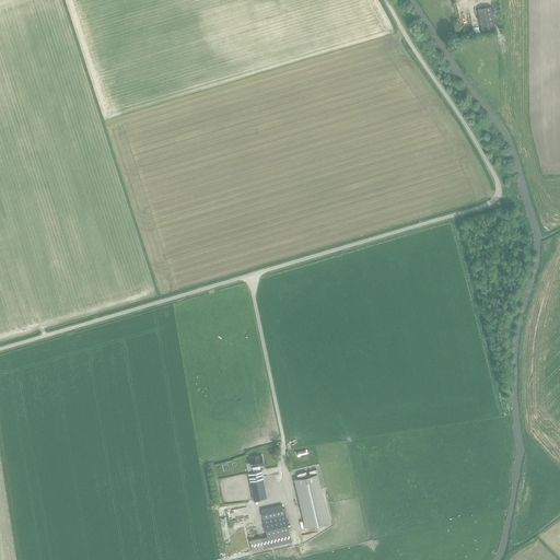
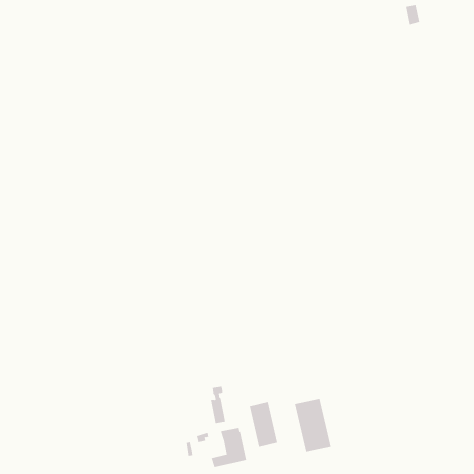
building: none -> [295,398,331,453]

